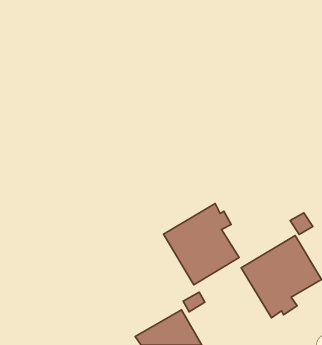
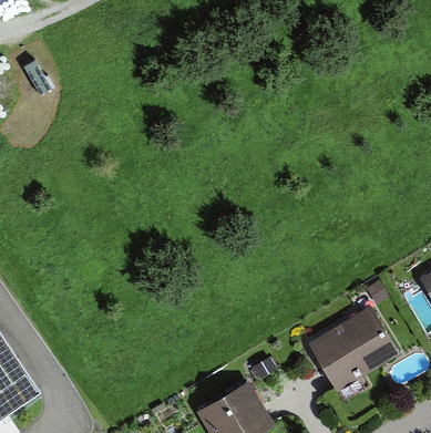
building: [163,204,239,285] -> none

